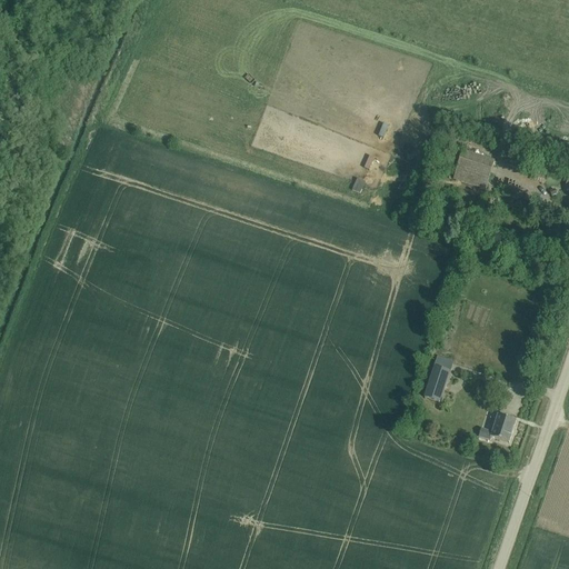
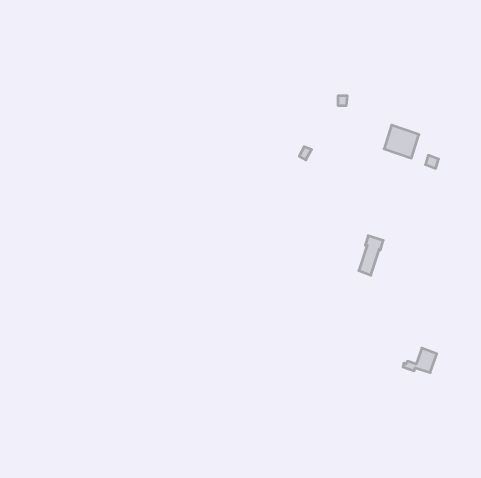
building: [425,353,453,400] -> [359,236,383,275]

